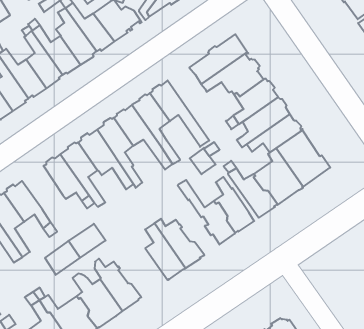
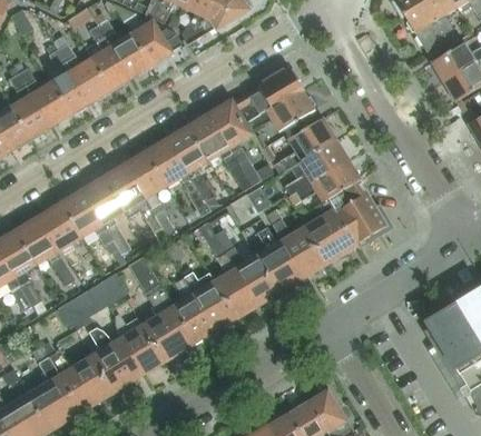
building: none -> [209,101,262,185]
building: none -> [37,202,82,265]
building: none -> [198,220,257,315]
building: none -> [128,256,196,359]

